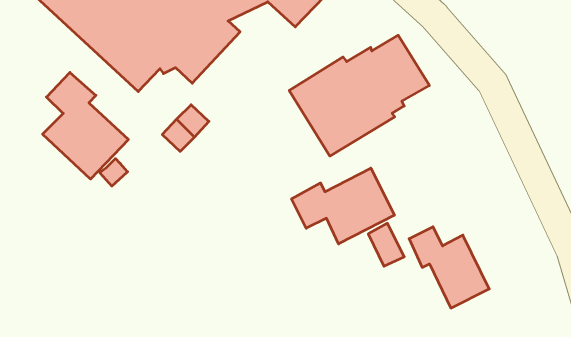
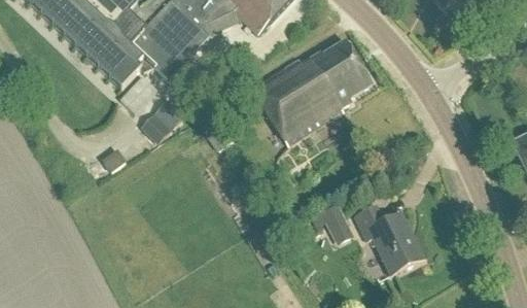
building: [43,72,128,179] -> none
building: none -> [119,73,157,111]
building: [292,168,394,244] -> none

